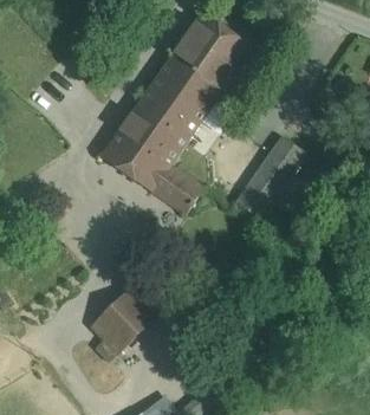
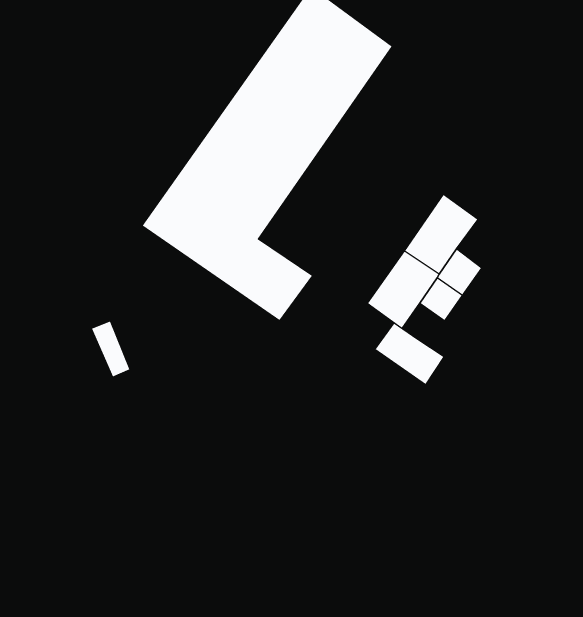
building: none -> [375,323,444,385]
building: [93,290,154,350] -> none

